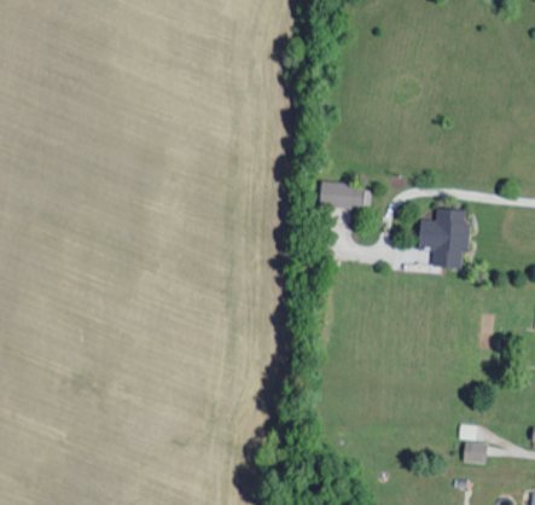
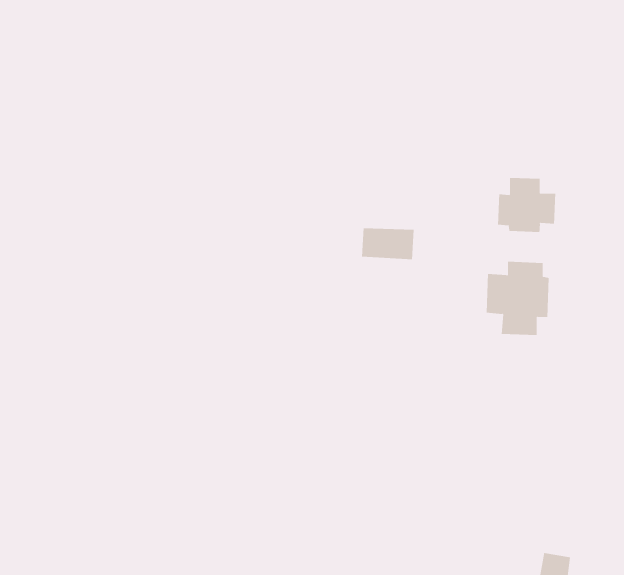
building: none -> [498,177,556,233]

